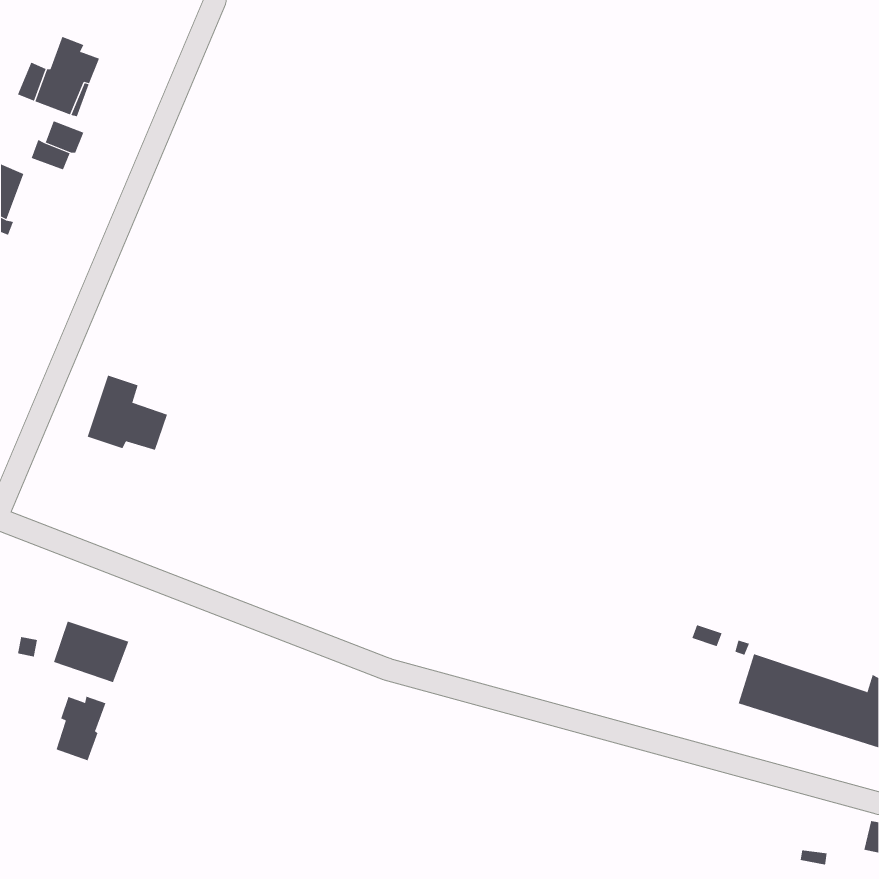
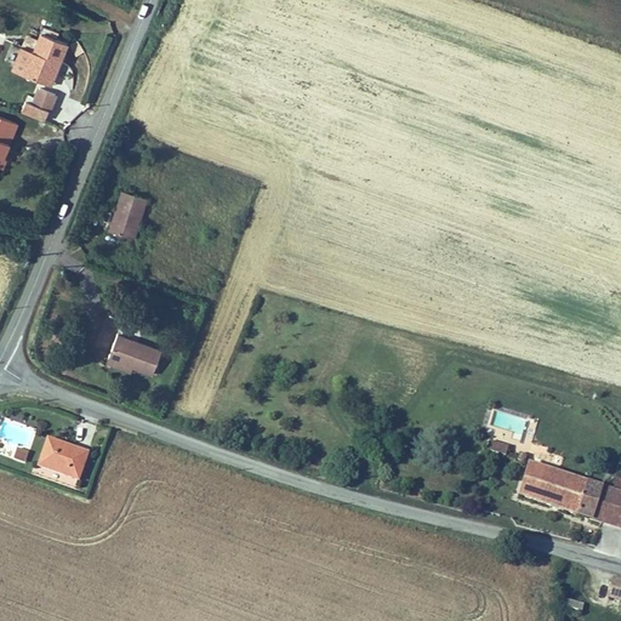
building: none -> [110,189,148,237]
building: [87,375,168,451] -> [106,319,163,372]
building: [56,696,106,761] -> none

